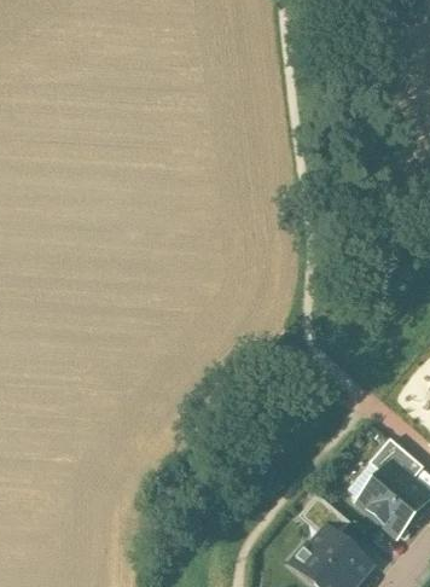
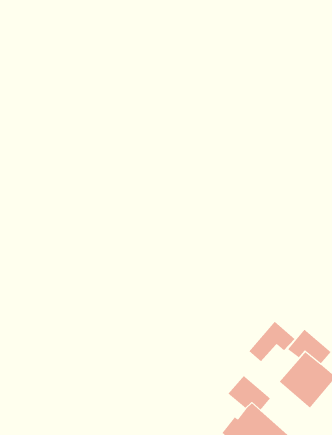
building: none -> [249,321,296,362]

